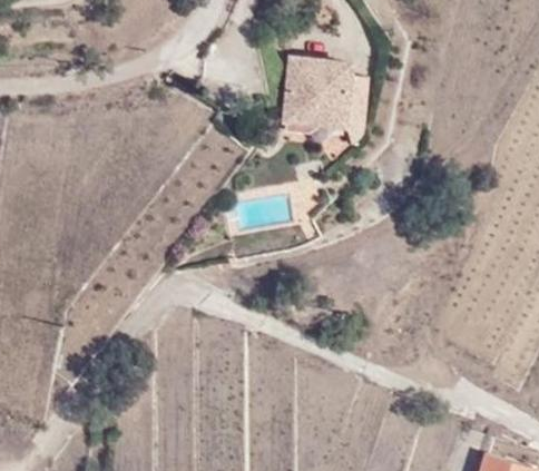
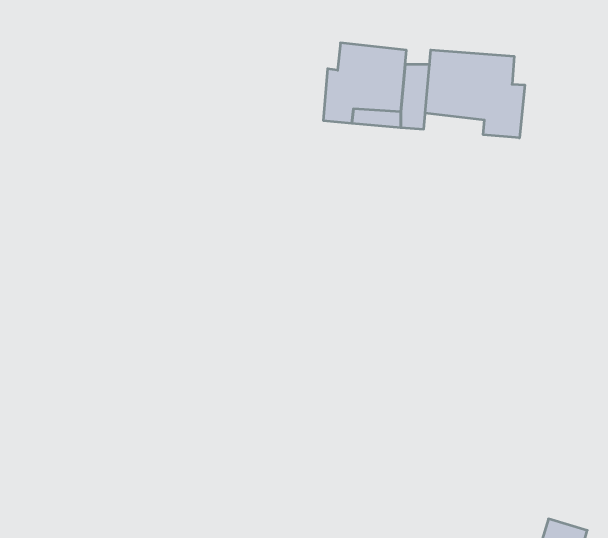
building: none -> [425,50,525,138]

